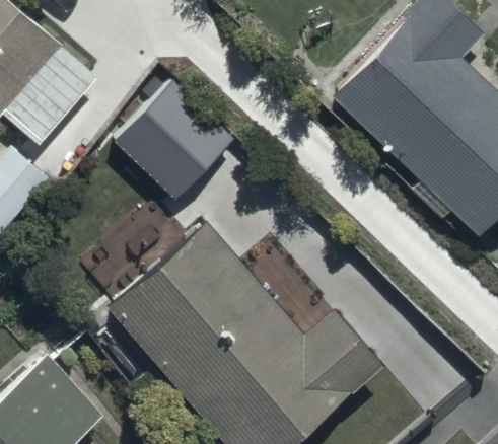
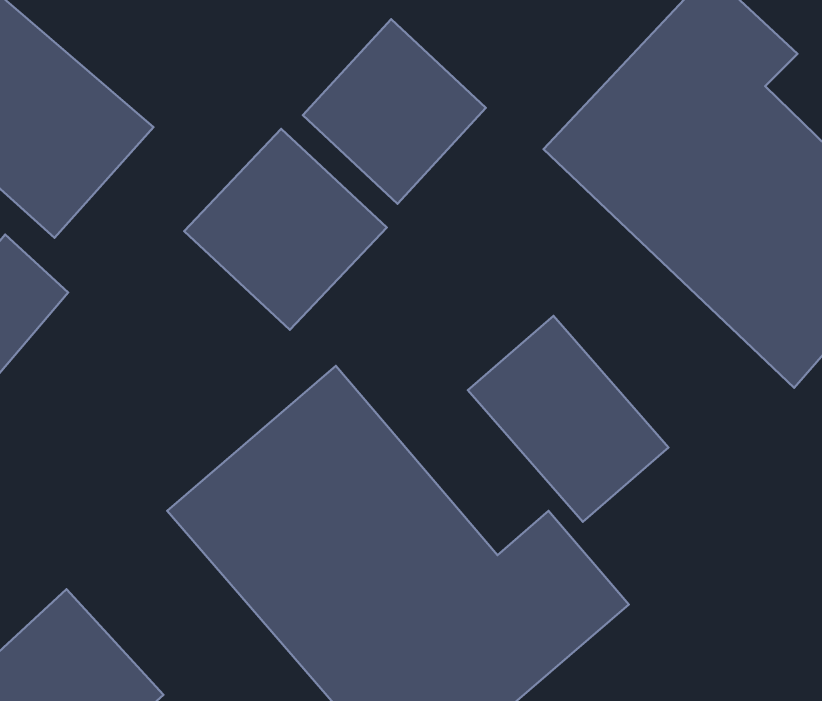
building: none -> [303,19,486,204]
building: none -> [468,316,668,522]

